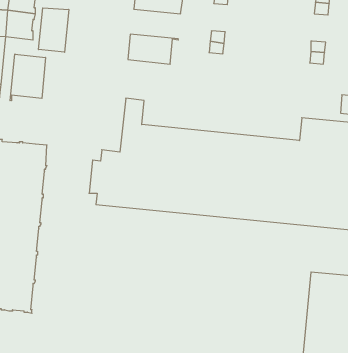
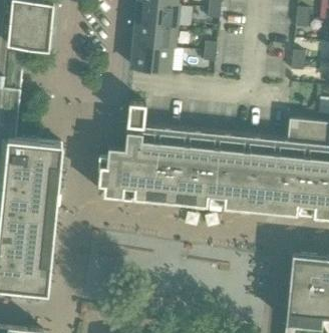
building: [39,8,69,52] -> none
building: none -> [134,26,179,52]
building: [10,54,45,101] -> none

